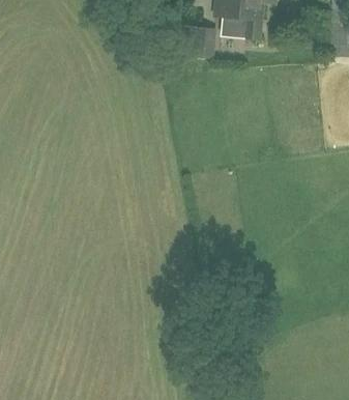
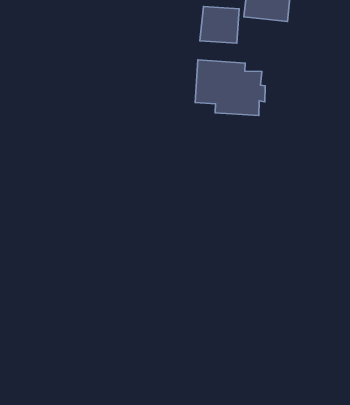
building: none -> [195,60,265,116]

